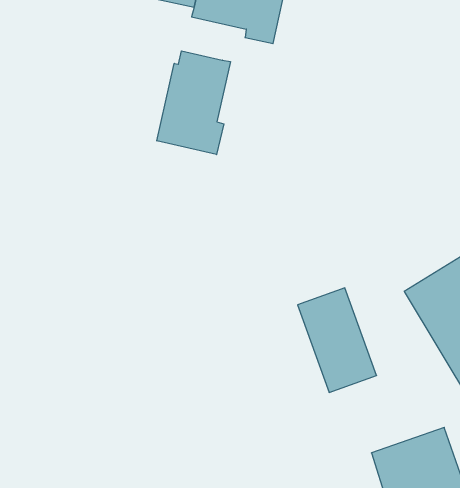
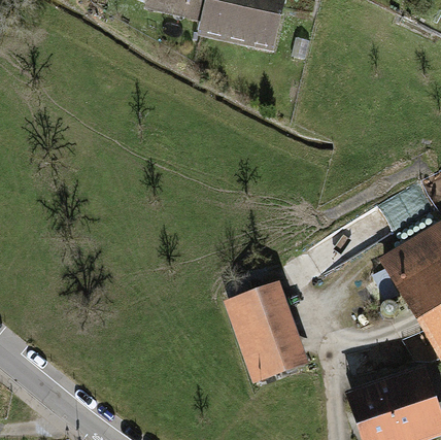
building: [157,51,230,155] -> none
building: [298,288,377,392] -> [231,286,298,375]

